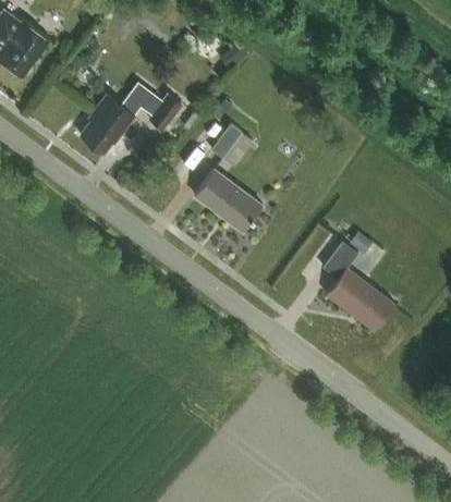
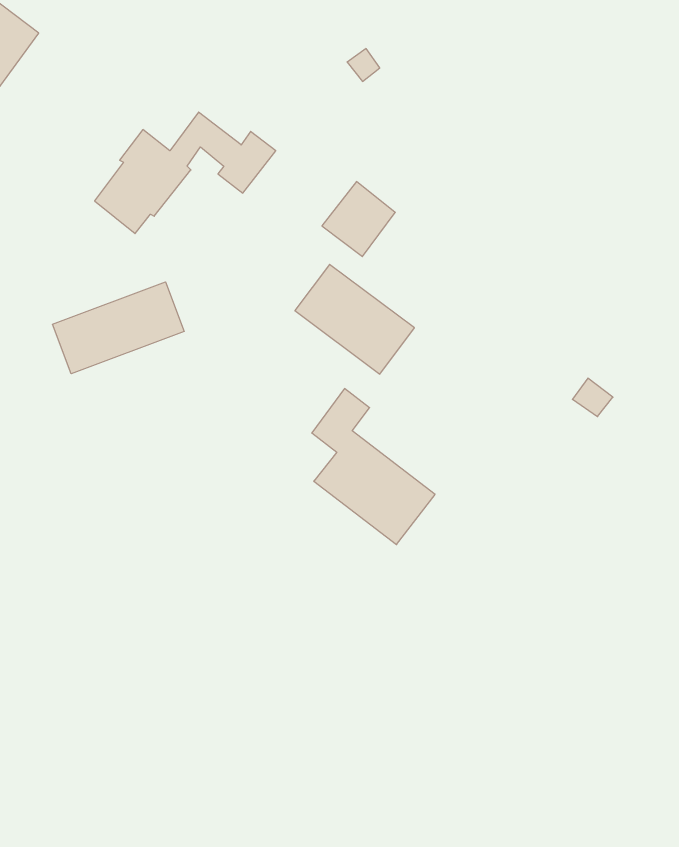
building: none -> [53,282,184,374]
building: [325,243,394,331] -> [312,389,435,545]

